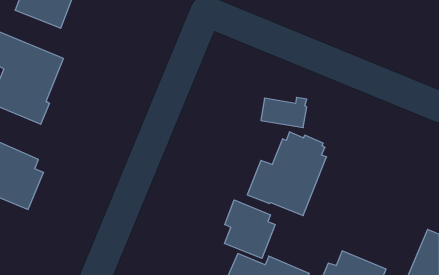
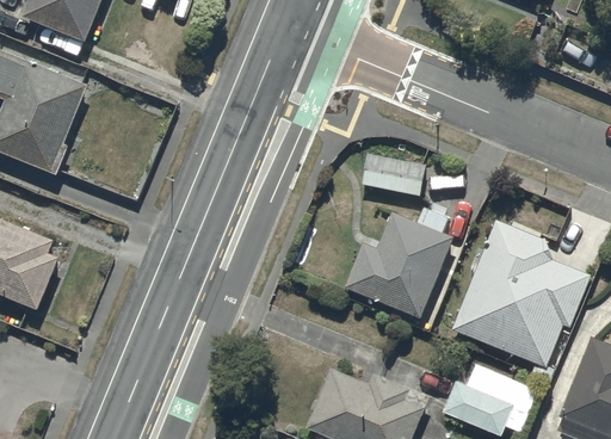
building: none -> [452,219,590,366]
building: [225,200,275,258] -> none

